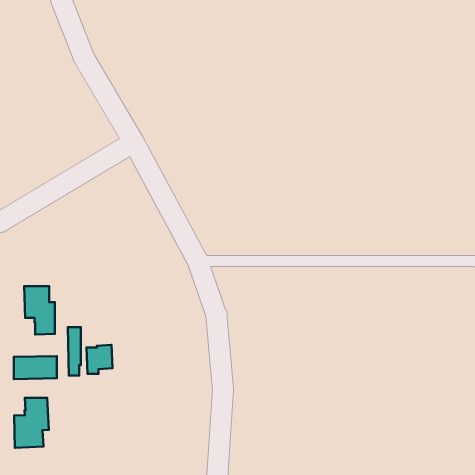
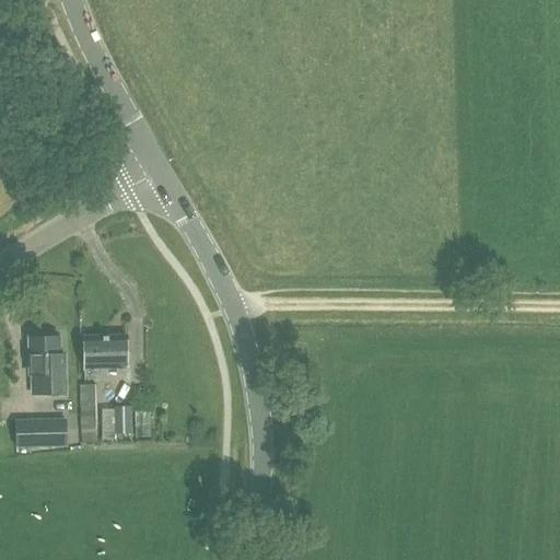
building: none -> [83,335,126,378]
building: [14,398,49,448] -> none

